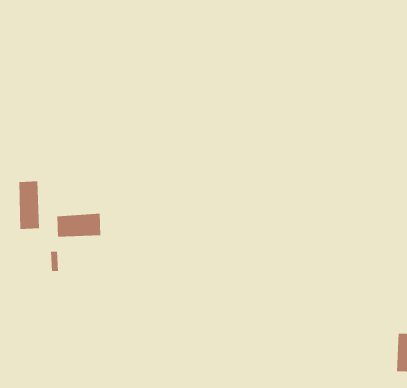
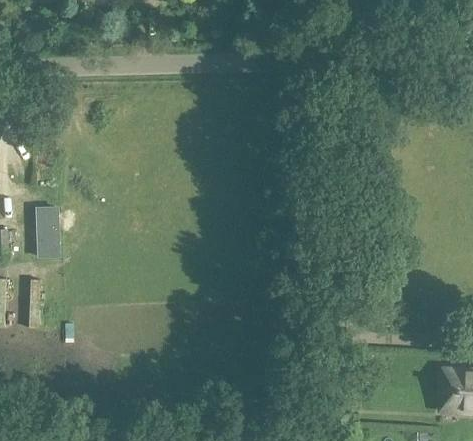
building: [57,213,101,238] -> none

